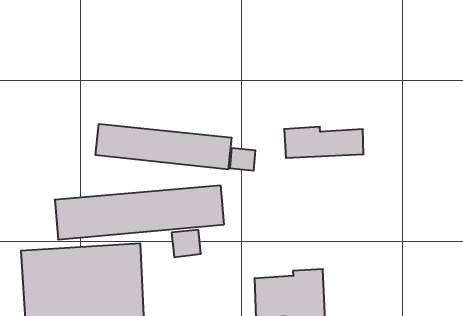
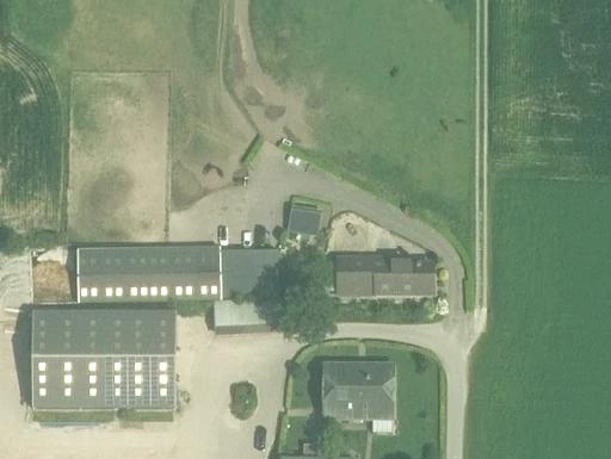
building: [96,124,232,169] -> none
building: [284,127,364,158] -> [338,256,432,292]

